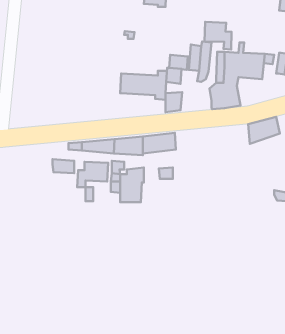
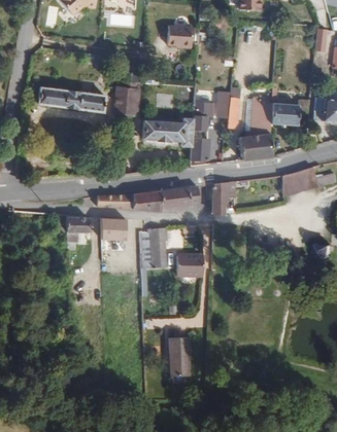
building: [205,22,232,49] -> none
building: none -> [113,79,140,116]
building: none -> [39,85,106,113]
building: none -> [213,181,238,213]
building: none -> [176,254,205,276]
building: none -> [172,337,192,375]

